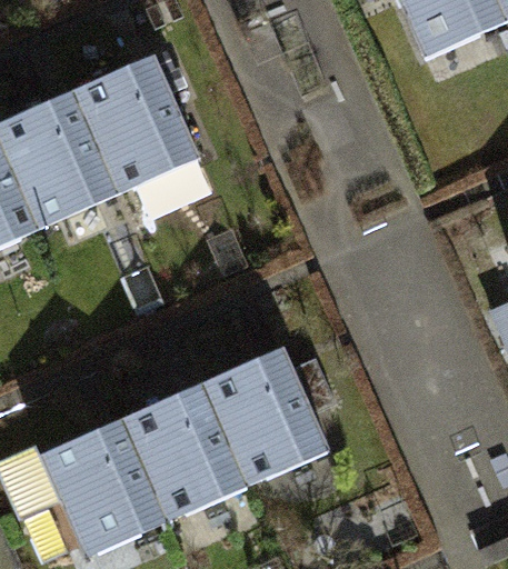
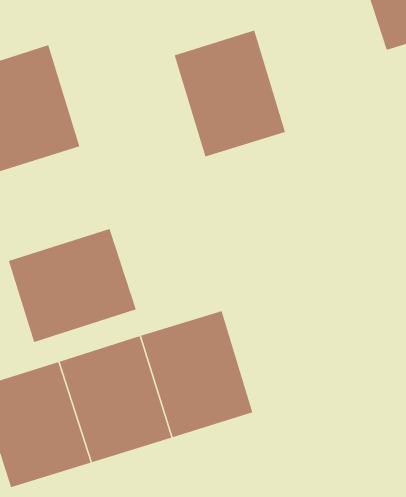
building: [73,56,199,193] -> [174,30,286,157]
building: none -> [8,228,137,343]

